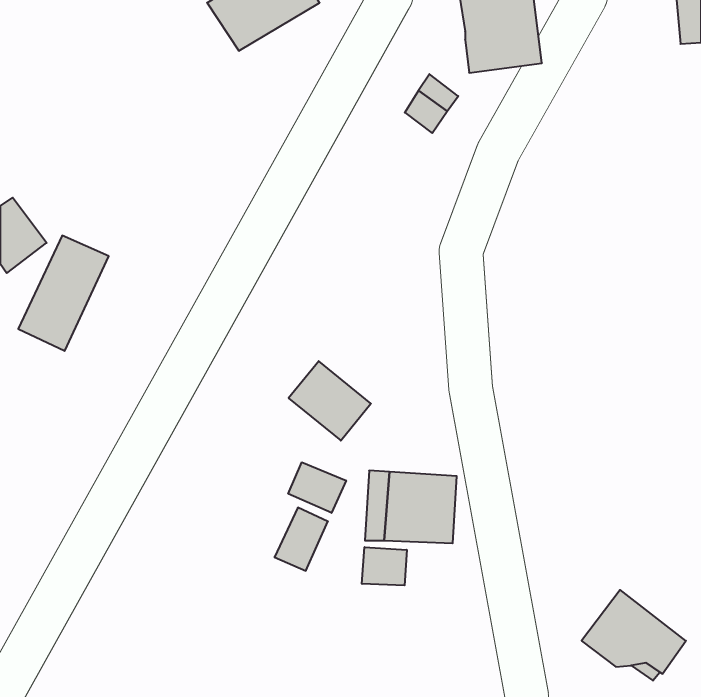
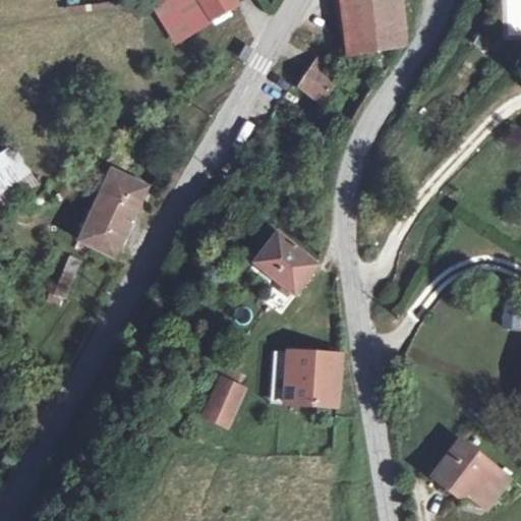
building: [18,236,109,351] -> [79,169,147,254]
building: [289,361,371,441] -> [254,232,315,291]
building: [288,462,346,513] -> none
building: [362,547,407,585] -> none

